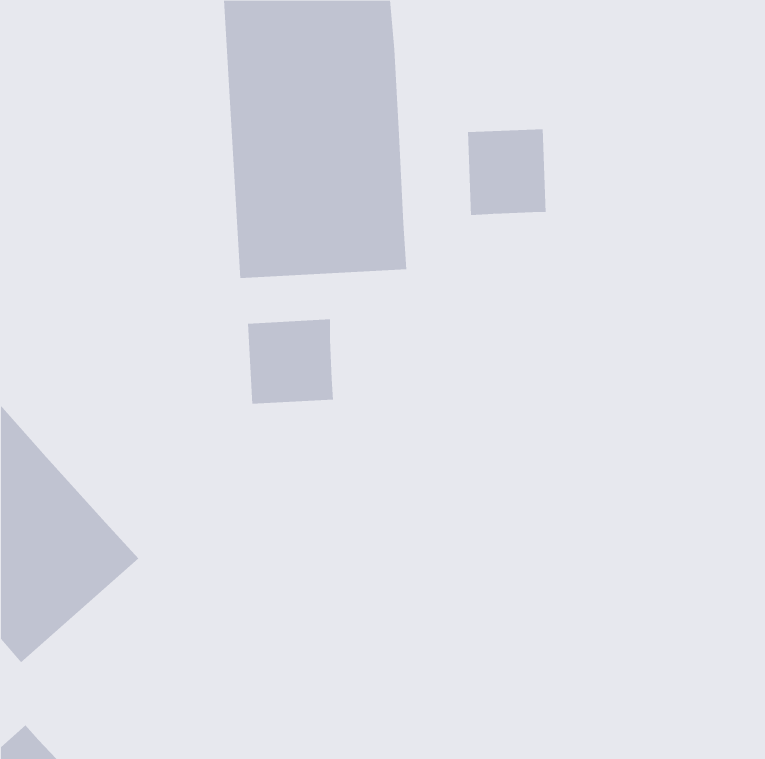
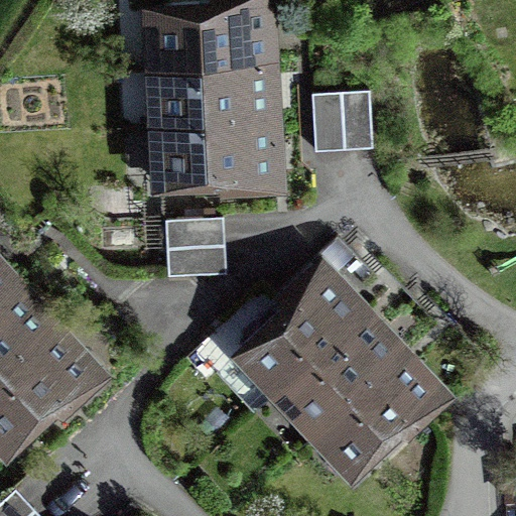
building: none -> [244,273,439,473]

